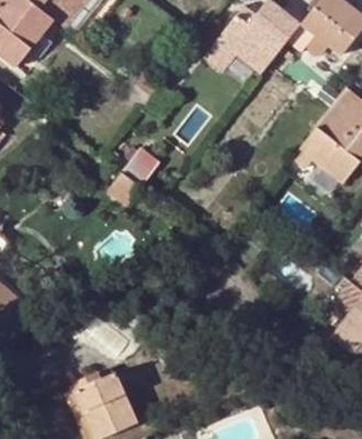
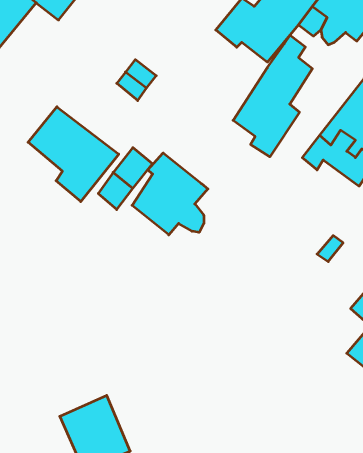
building: none -> [233,35,312,157]
building: none -> [28,107,119,202]
building: none -> [132,153,208,235]

